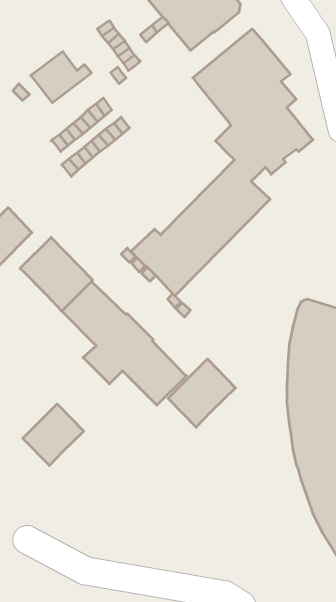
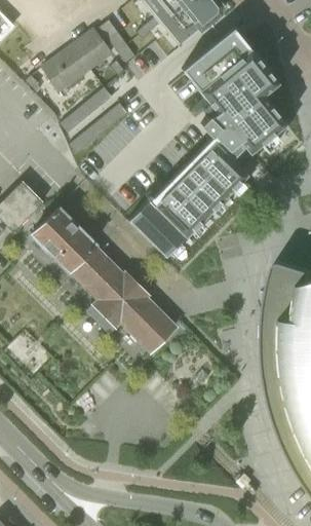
building: none -> [71,29,112,65]
building: [168,359,236,427] -> none
building: [23,404,84,466] -> none

